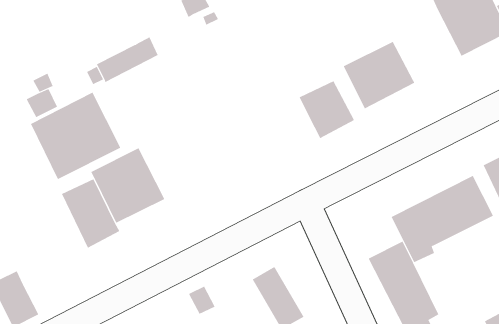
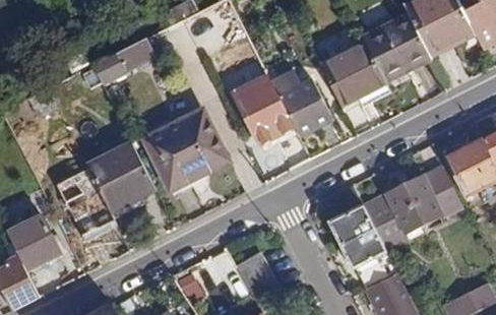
building: none -> [363,13,429,79]
building: none -> [241,86,297,144]
building: [30,92,121,180] -> [142,109,227,190]
building: none -> [331,205,375,244]
building: none -> [6,216,57,268]

